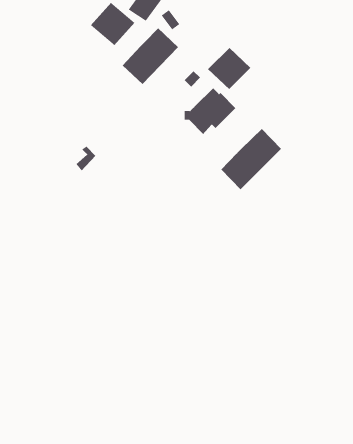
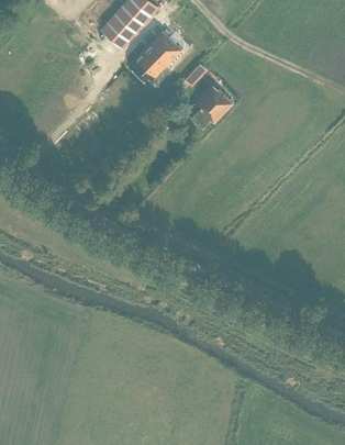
building: [207,47,251,90] -> none
building: [221,128,282,190] -> none

